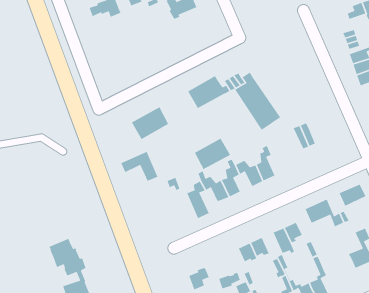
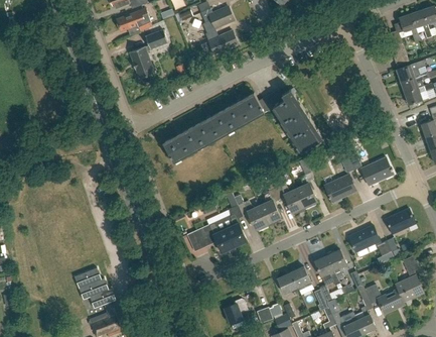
building: none -> [130,30,168,79]
building: none -> [205,30,239,55]
building: none -> [361,157,394,186]
building: [194,137,231,170] -> [194,110,235,145]
building: none -> [324,174,357,204]
building: [120,151,159,182] -> [193,219,235,252]
building: none -> [366,285,405,314]

